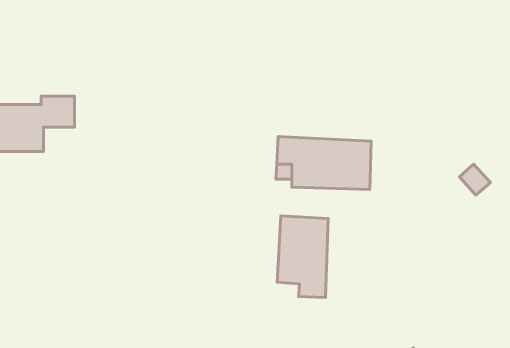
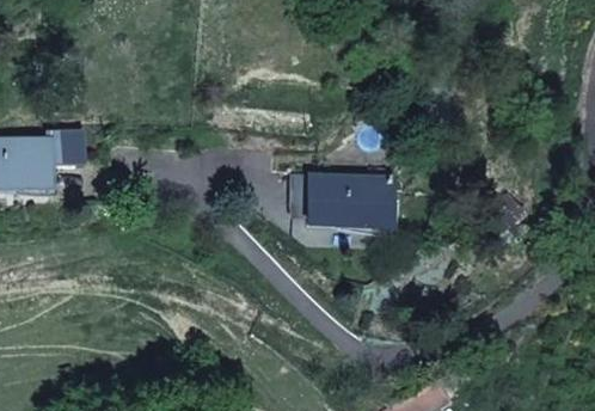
building: [277,216,328,298] -> none

